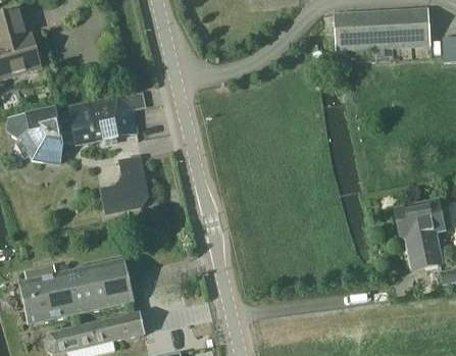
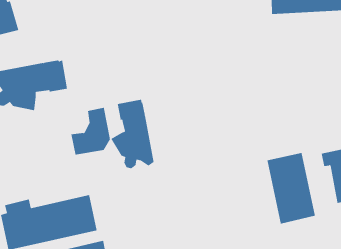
building: [92,97,135,142] -> none
building: none -> [111,99,154,169]
building: none -> [267,152,315,225]

